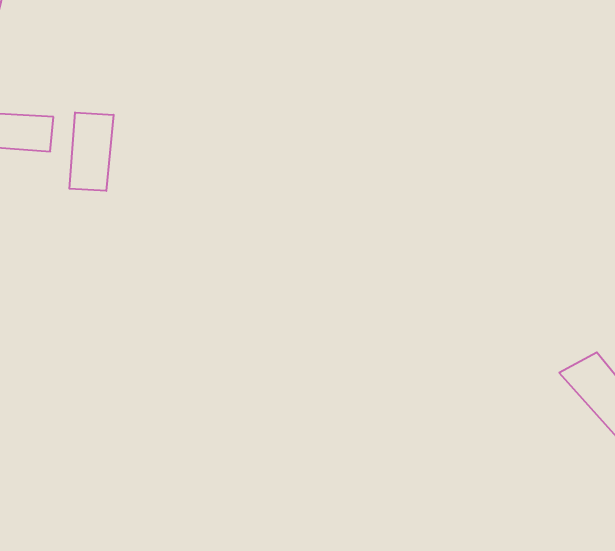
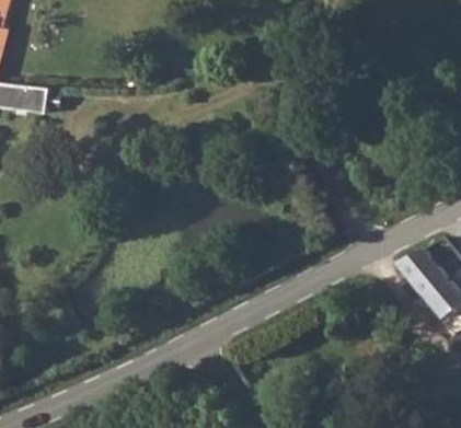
building: [69,112,114,191] -> none

